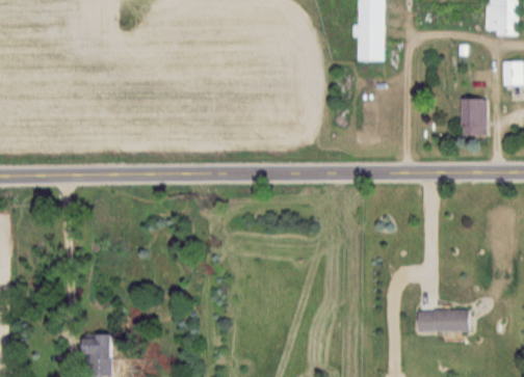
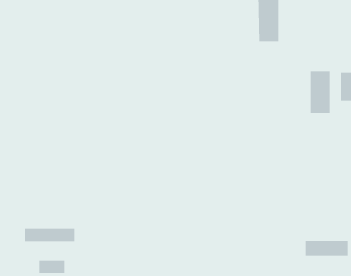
building: none -> [310,70,330,114]
building: none -> [24,228,75,242]

